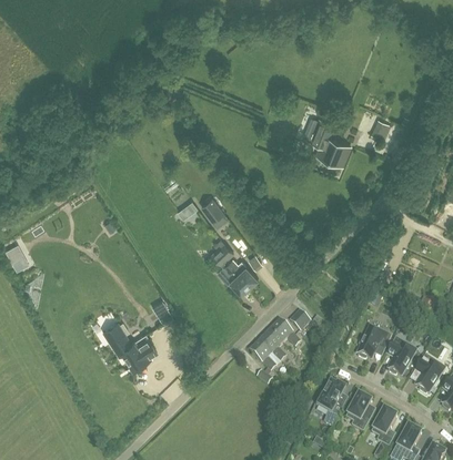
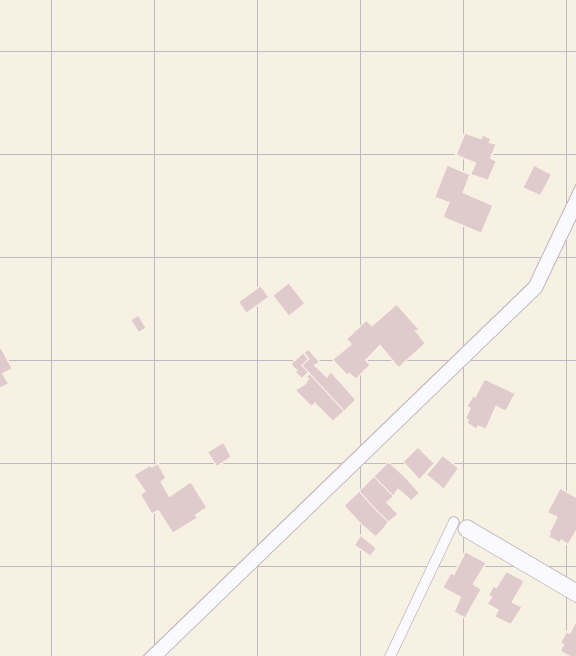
building: none -> [456,133,497,180]
building: none -> [333,304,426,379]
building: [356,324,391,358] -> [465,379,516,429]
building: [371,407,396,444] -> none

